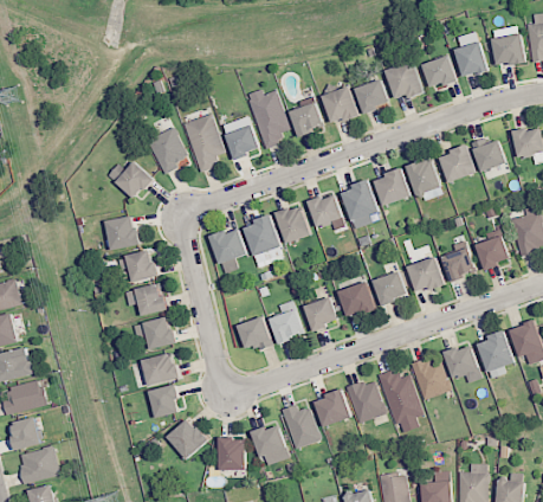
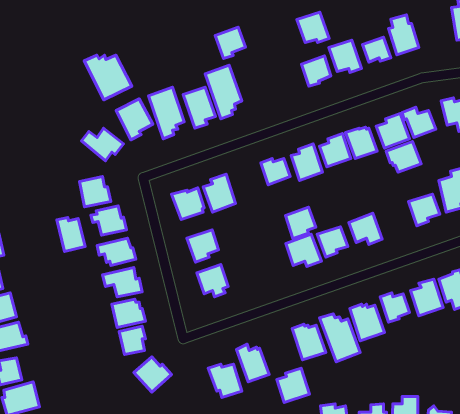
building: [491,33,525,65] -> none
building: none -> [84,55,132,100]
building: [322,85,358,120] -> [297,12,329,43]
building: [289,101,323,136] -> [215,27,246,59]
building: none -> [386,141,421,172]
building: [273,205,310,243] -> none
building: [440,245,477,282] -> none
building: none -> [57,217,85,251]
building: [304,296,338,332] -> [286,207,316,239]
building: [267,308,303,345] -> [187,230,218,262]
building: [315,387,351,426] -> [277,368,309,403]
building: [218,436,245,469] -> none

